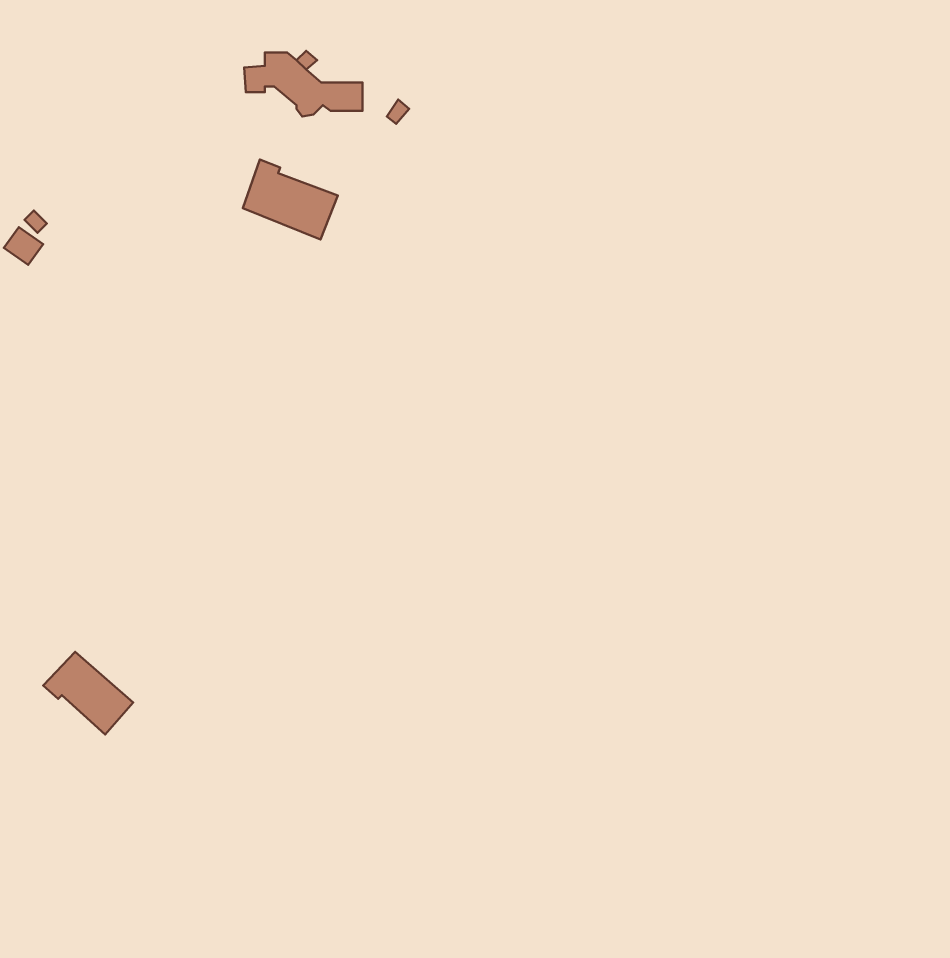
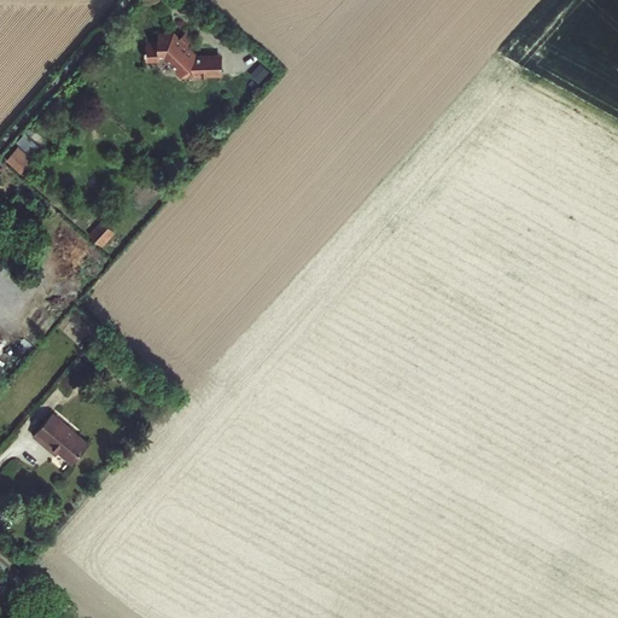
building: [243,160,338,239] -> none

